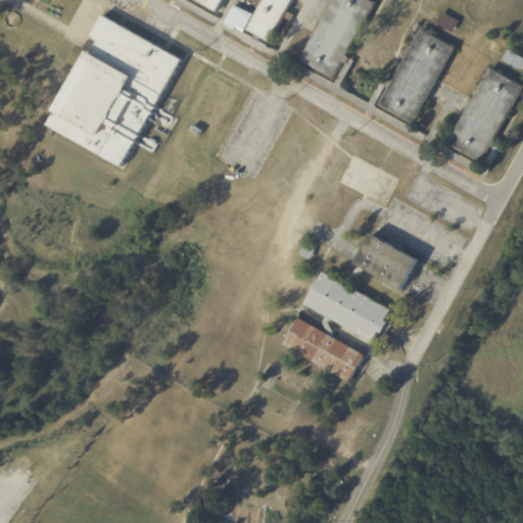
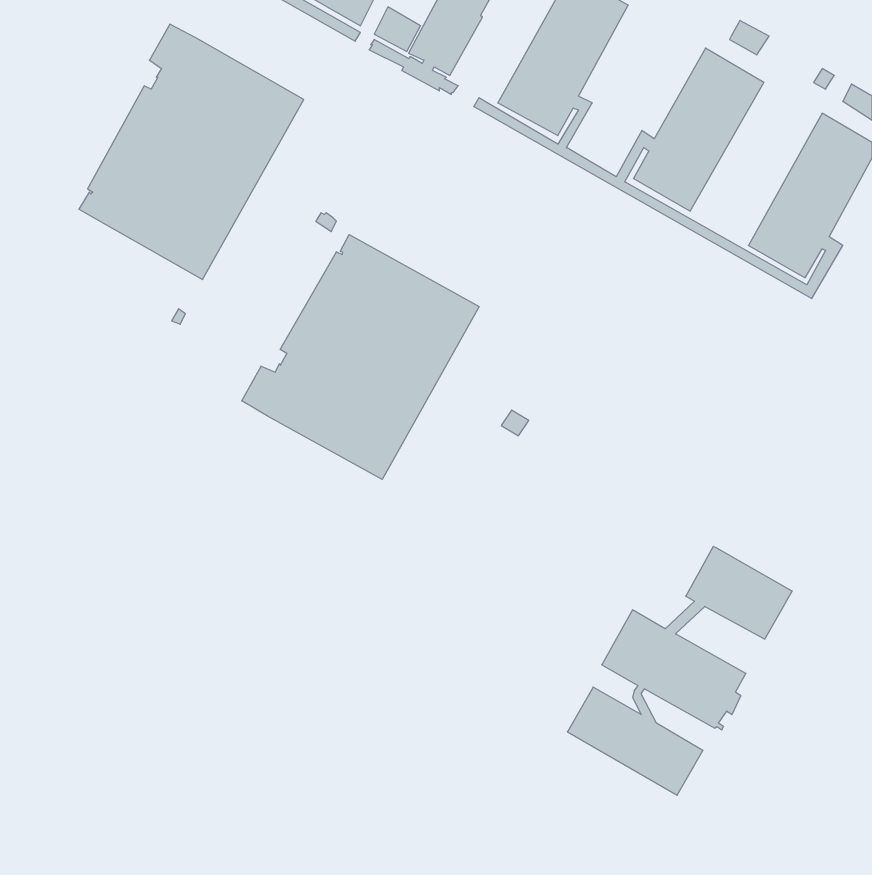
building: none -> [242,235,479,479]
building: [283,233,417,381] -> [567,546,792,795]

